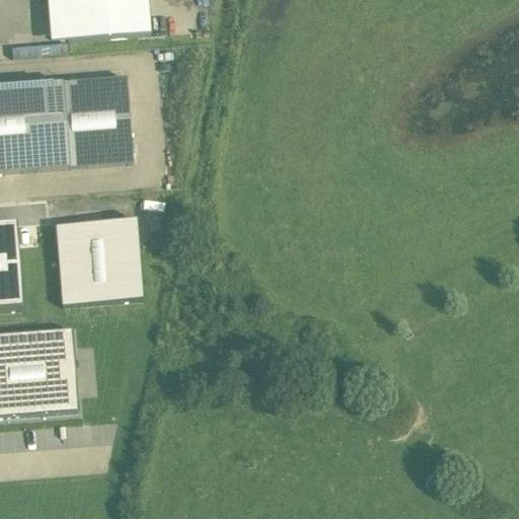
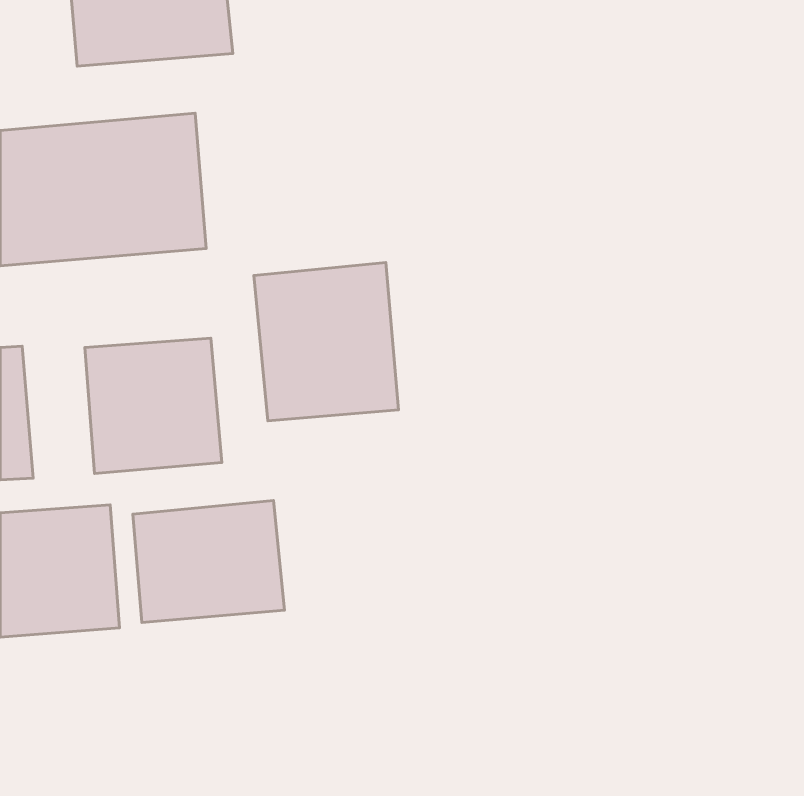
building: none -> [254,262,398,421]
building: none -> [133,501,285,622]

